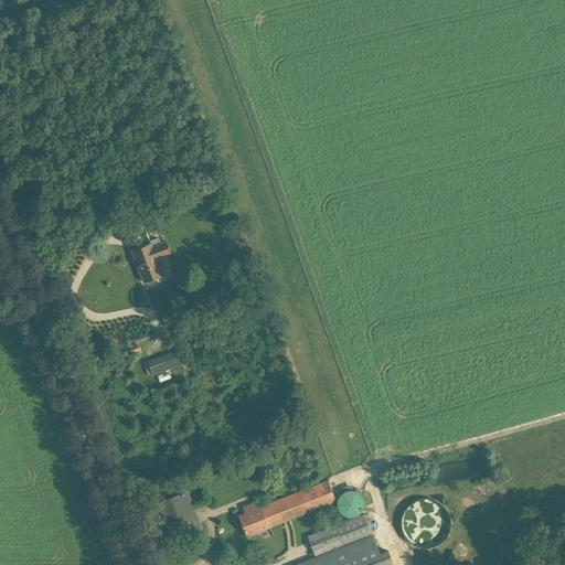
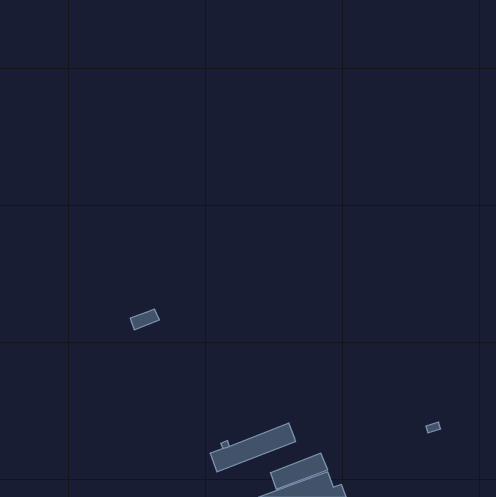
building: [131,241,169,281] -> none
building: [337,490,363,516] -> none
building: [158,493,202,541] -> none

